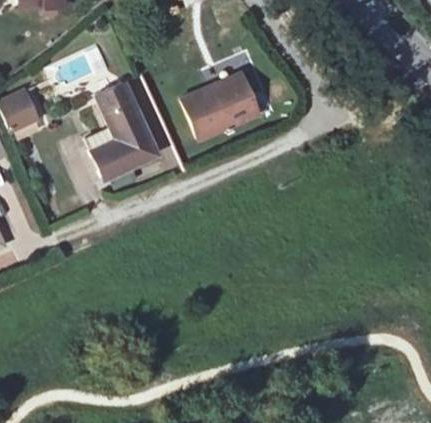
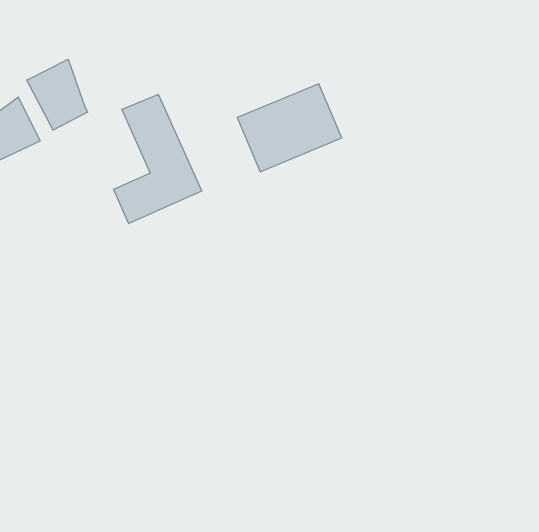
building: none -> [27,59,88,130]

